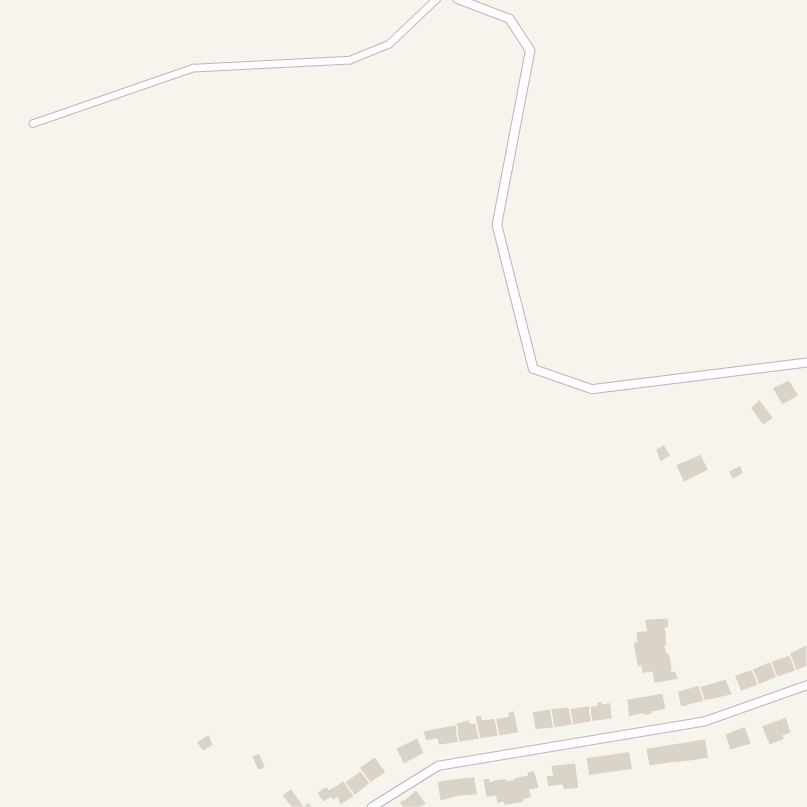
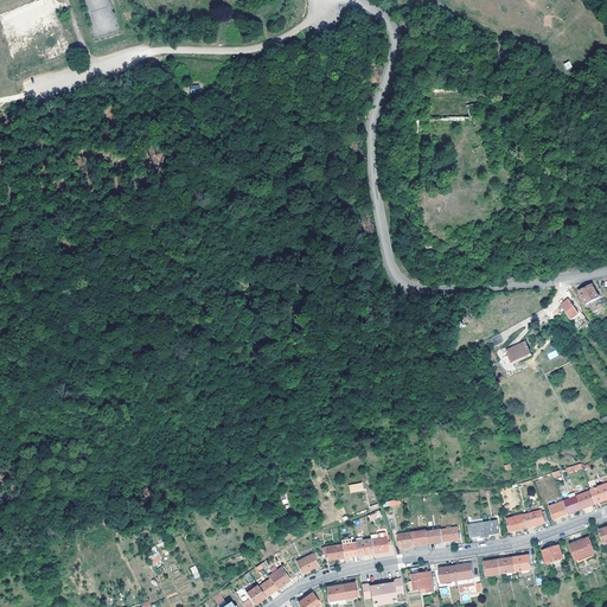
building: [633,618,679,683] -> none

